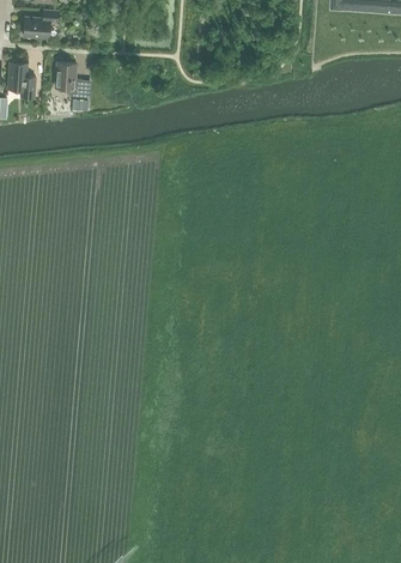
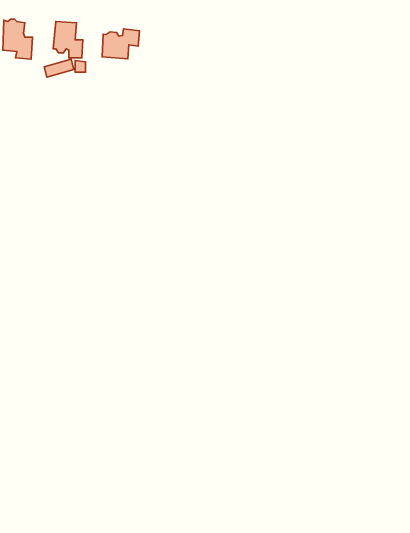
building: none -> [102,29,139,59]

